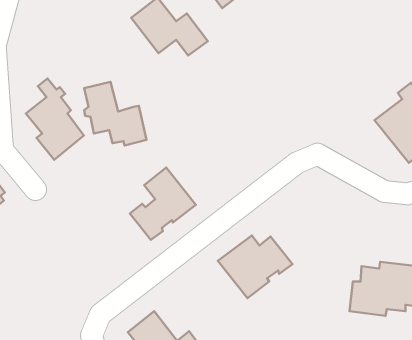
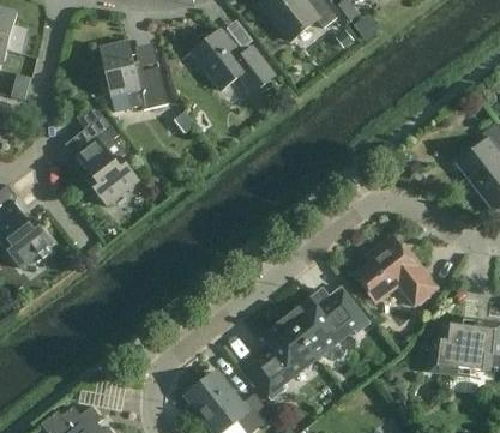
building: [84,82,147,145] -> [100,41,168,110]
building: [130,167,196,240] -> [246,317,318,396]
building: none -> [351,235,438,306]

